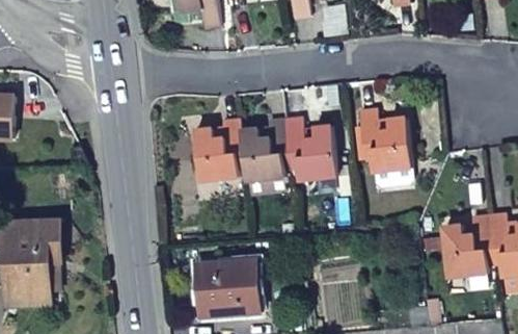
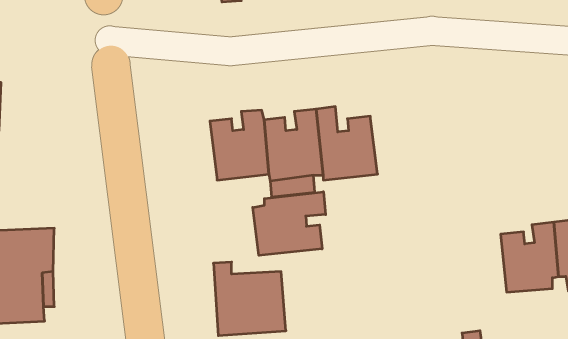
building: [358,109,413,186] -> none
building: none -> [253,192,326,255]

